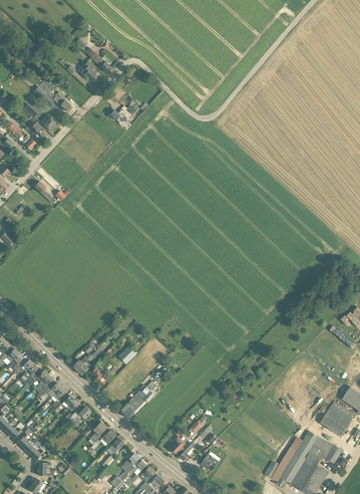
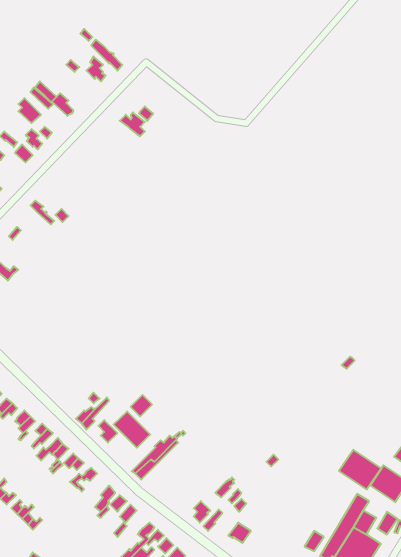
building: none -> [114,411,150,448]
building: none -> [339,450,381,489]

